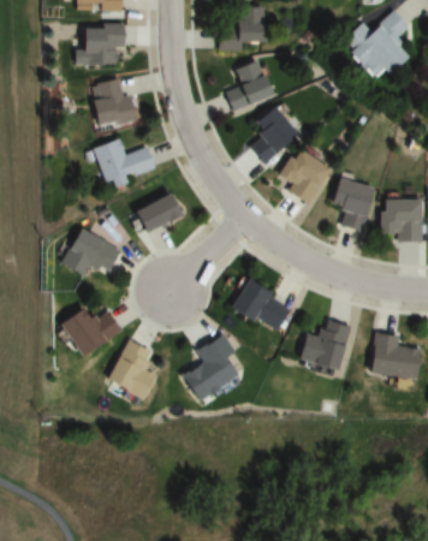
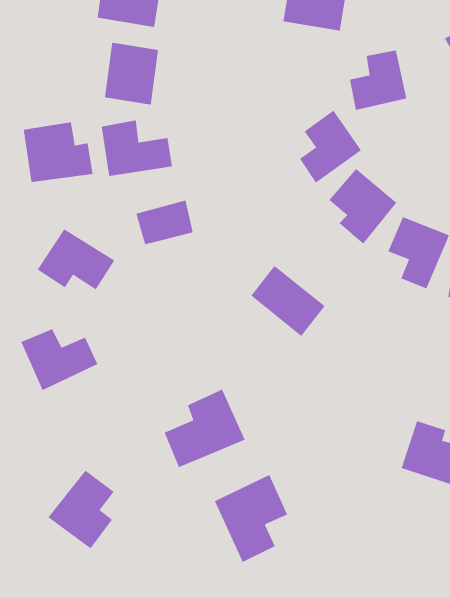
building: [226,60,273,112] -> [349,50,407,110]
building: none -> [23,122,93,183]
building: [231,280,290,332] -> [250,265,325,337]
building: [298,319,355,370] -> none
building: [106,338,156,398] -> [48,470,114,549]
building: none -> [214,474,288,563]

